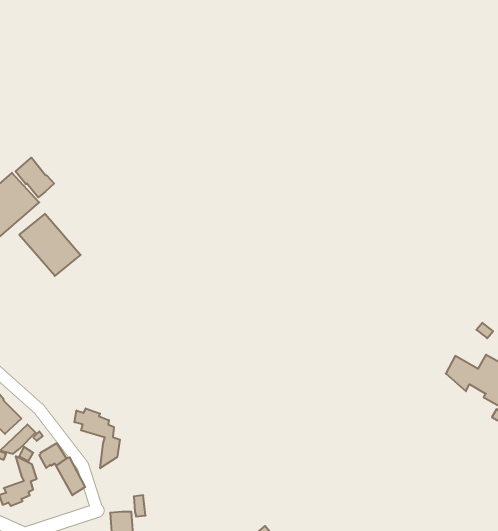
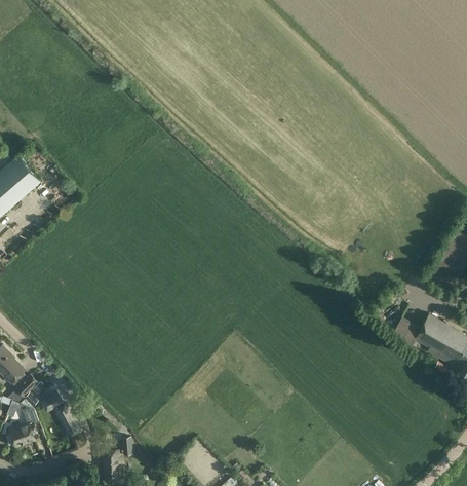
building: [16,158,54,197] -> none
building: [19,214,81,276] -> none
building: [74,408,120,468] -> none

